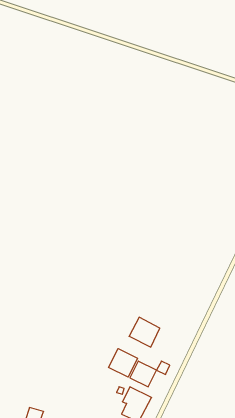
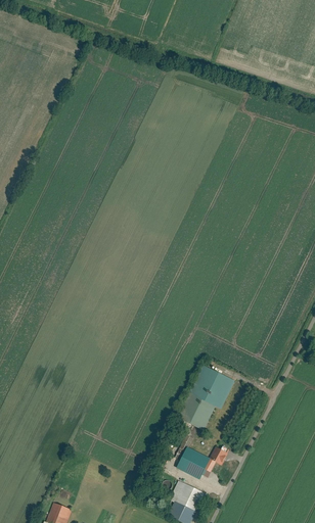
building: none -> [188,366,233,410]
building: [109,349,137,377] -> none

